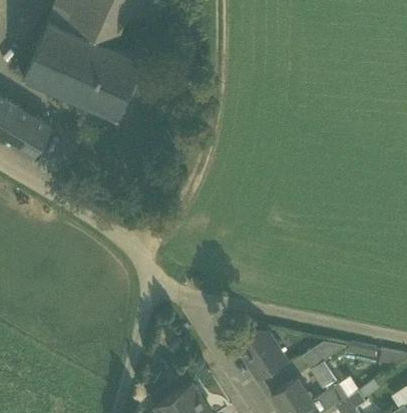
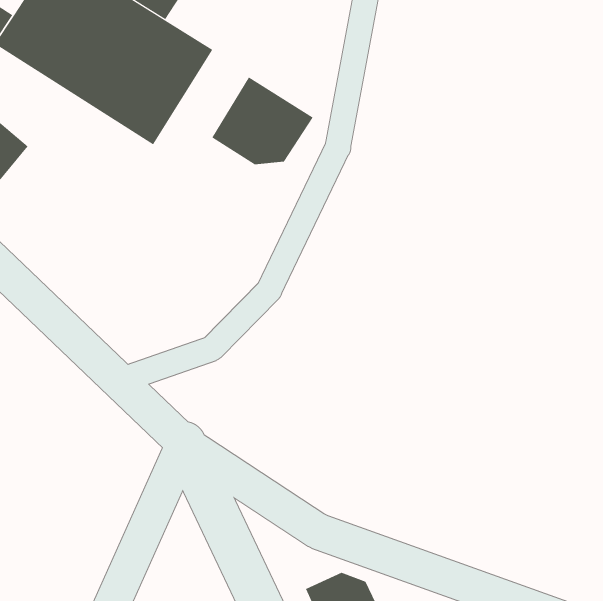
building: none -> [212,76,313,165]

